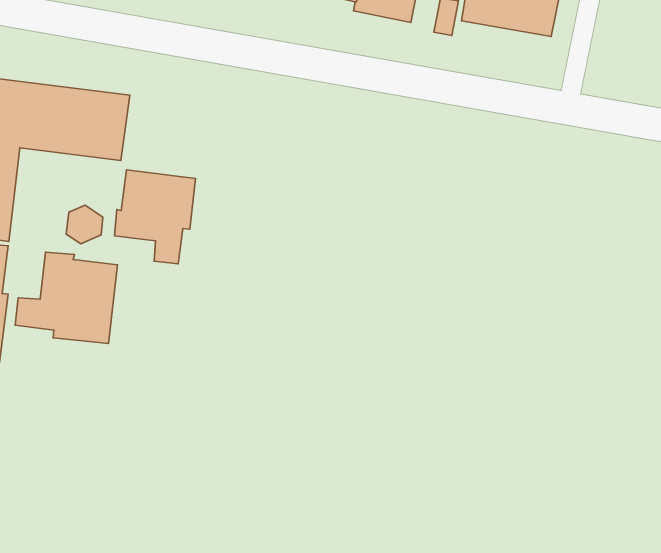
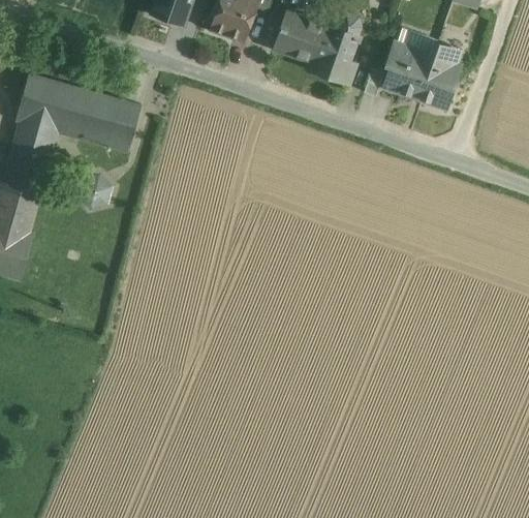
building: [114,170,195,264] -> none
building: [15,252,118,343] -> none

